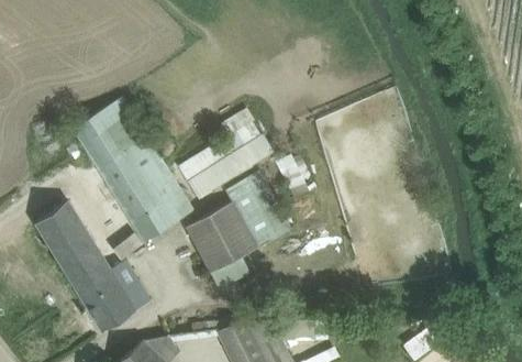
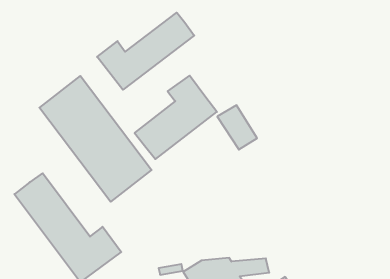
building: none -> [97,13,194,90]
building: [185,171,291,273] -> none

